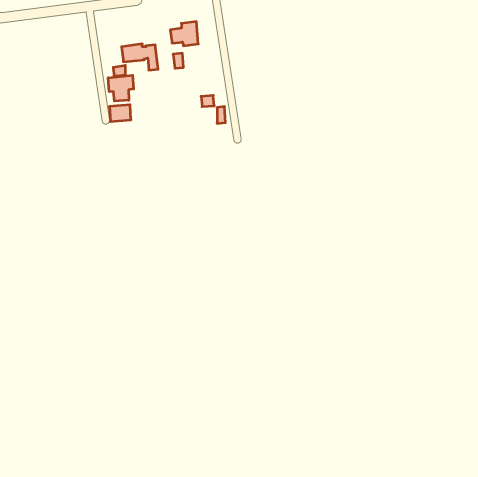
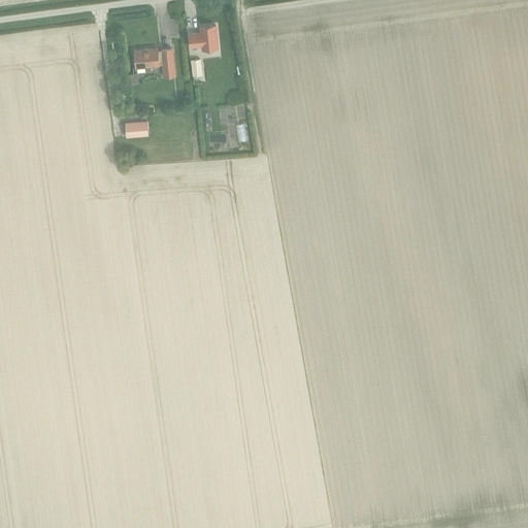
building: [108,75,134,101] -> none

